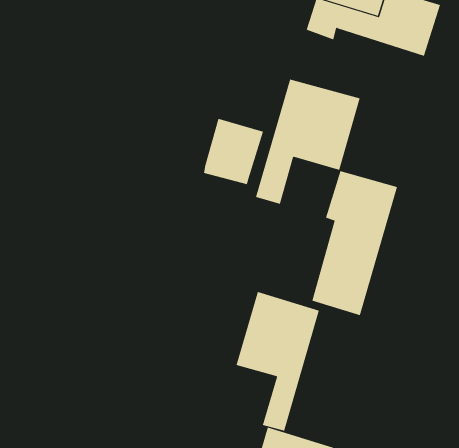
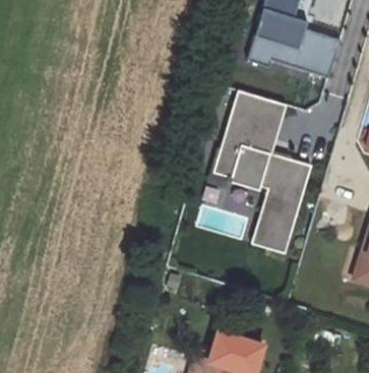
building: [203,118,264,185] -> [229,144,270,190]
building: [236,291,319,432] -> none

